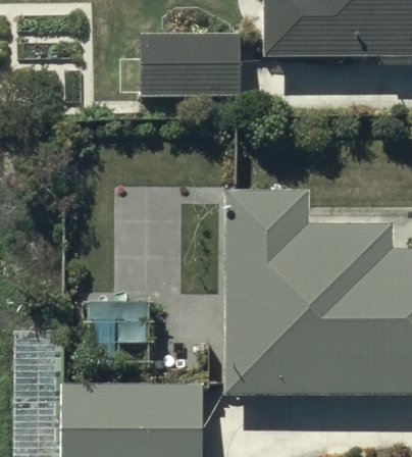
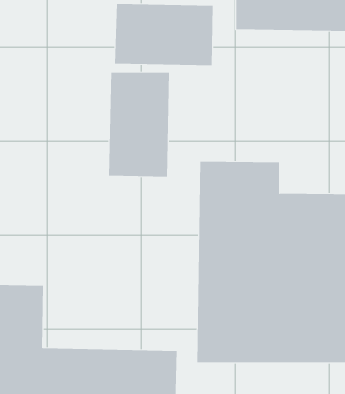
building: none -> [109,72,170,178]

